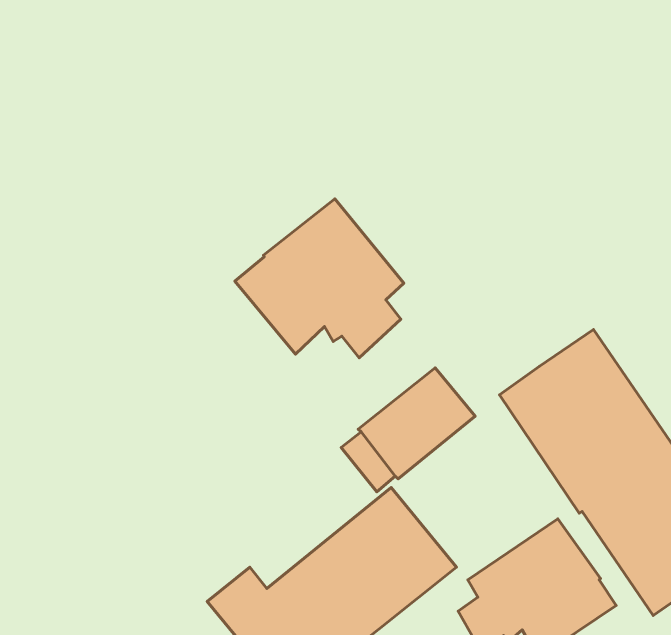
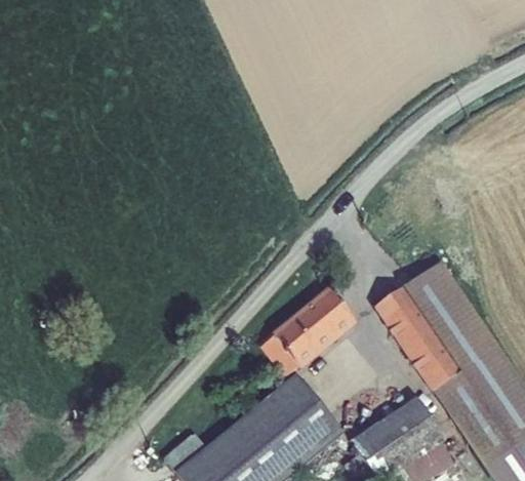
building: [235,199,404,358] -> none

